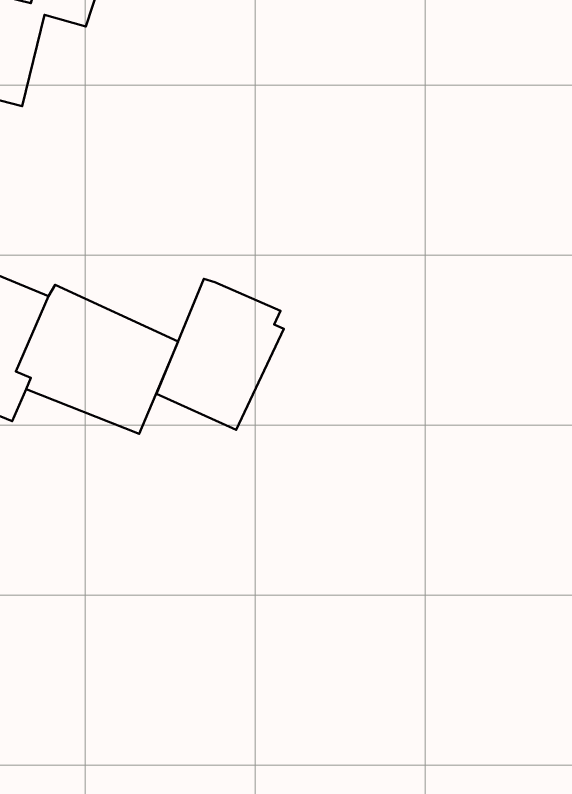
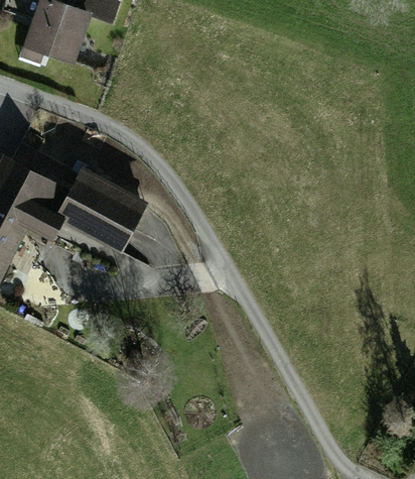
building: [157,279,284,430] -> none

